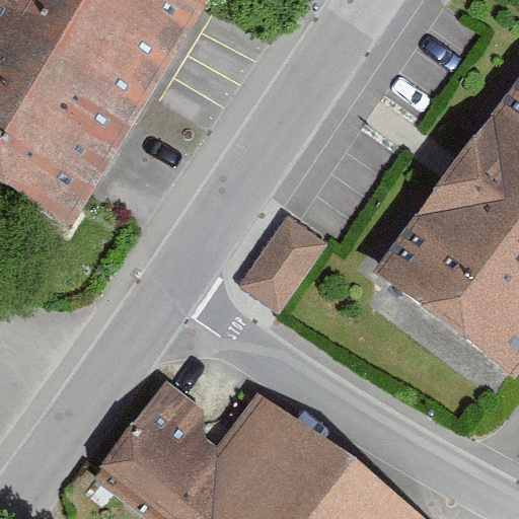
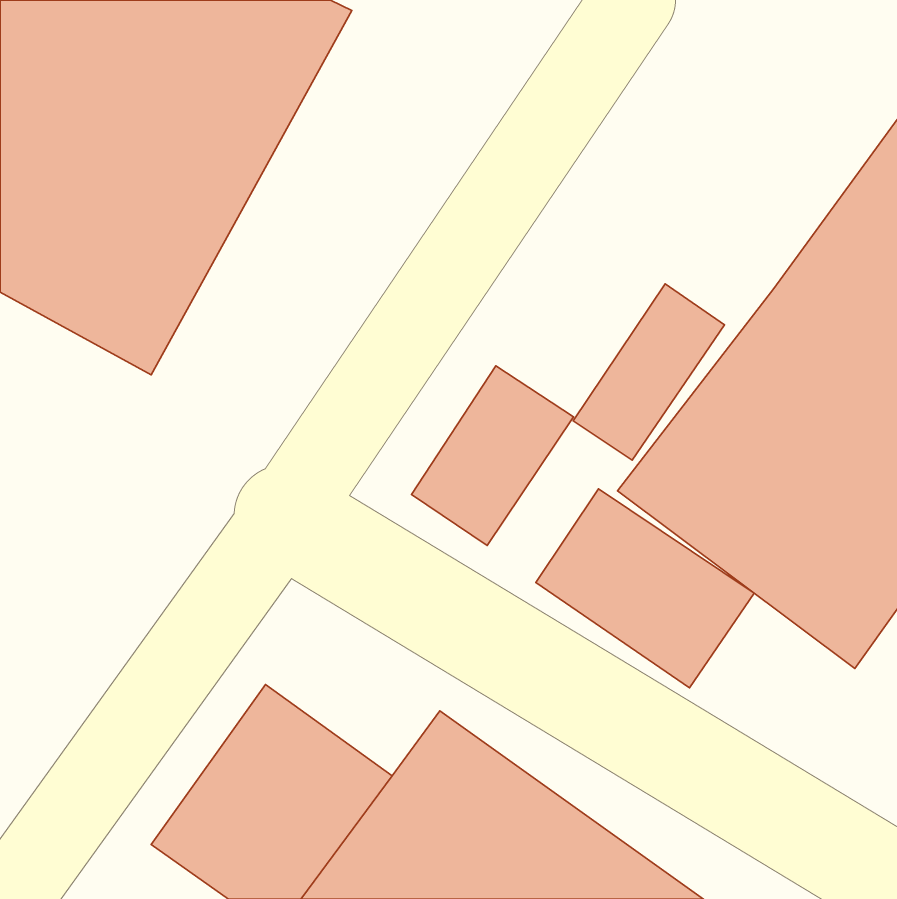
building: none -> [573,284,725,460]
building: none -> [536,489,754,688]

